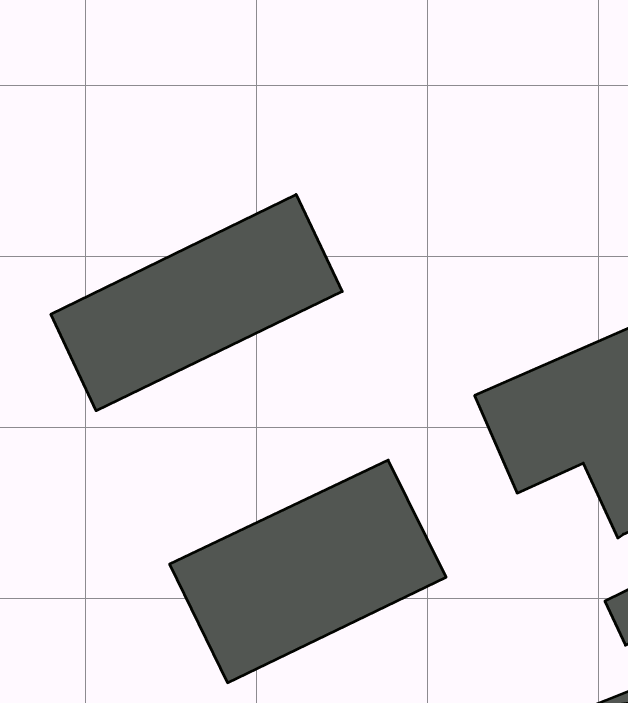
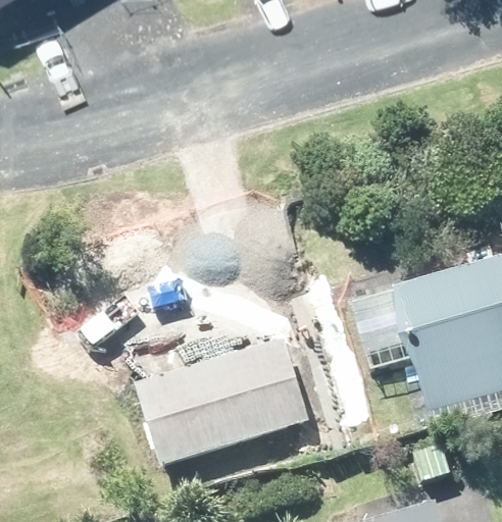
building: [51,194,342,411] -> none

